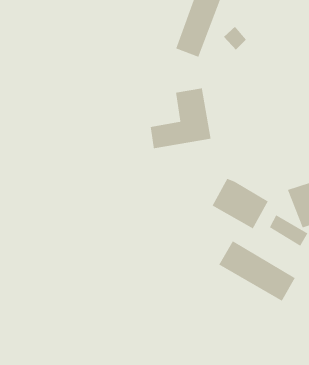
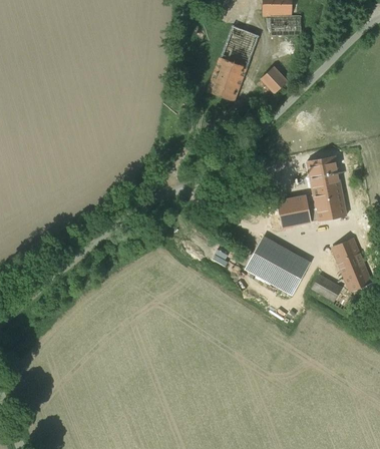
building: [150,88,211,149] -> [281,158,349,227]
building: [218,240,296,302] -> none

